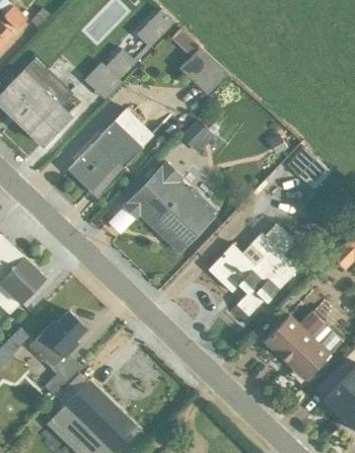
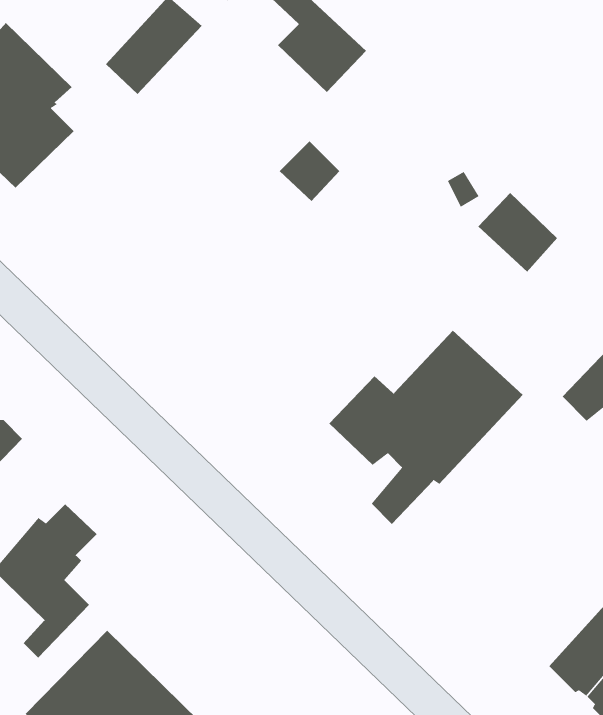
building: [68,108,152,197] -> none
building: [108,160,216,252] -> none
building: [264,310,344,379] -> none

